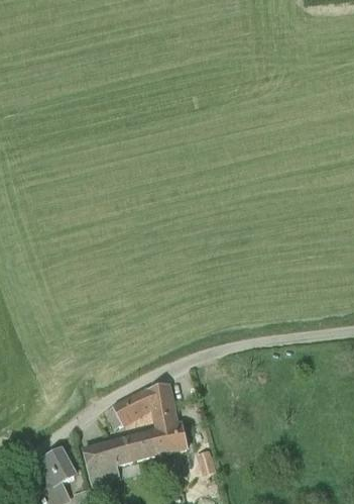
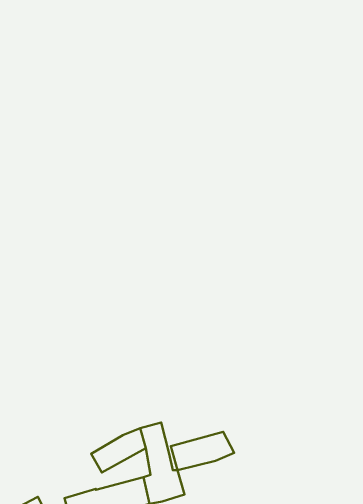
building: none -> [171,432,234,470]

